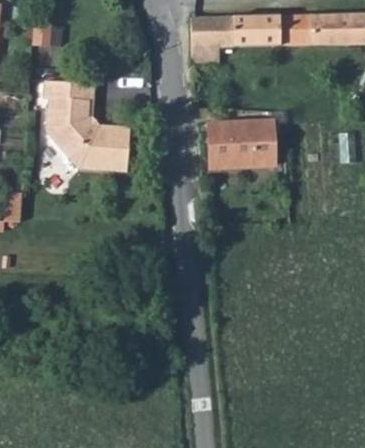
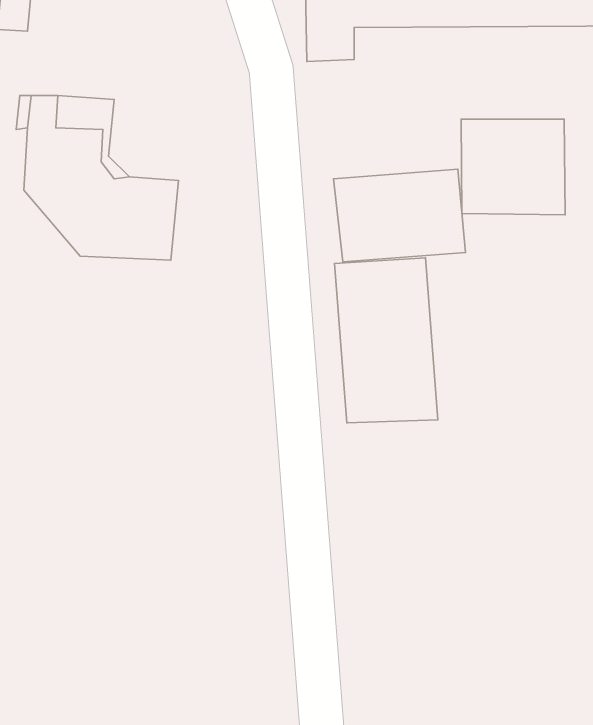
building: none -> [461,119,565,215]
building: none -> [335,258,438,423]

